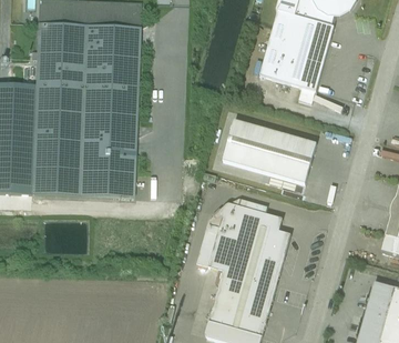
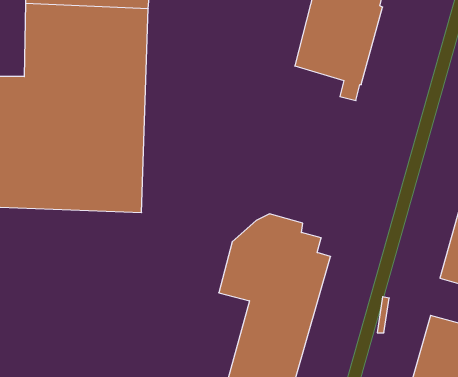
building: [223,121,316,184] -> none

